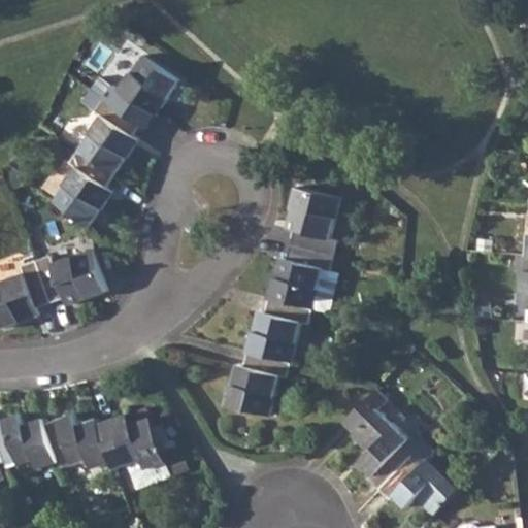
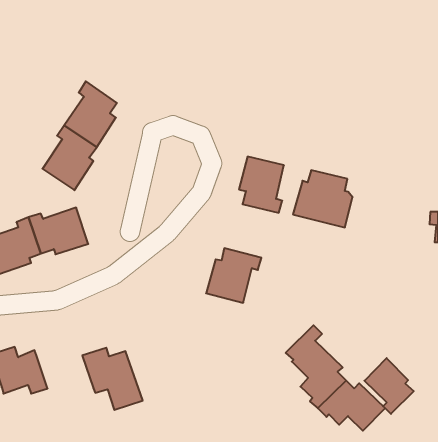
building: [102,56,177,123] -> none
building: [267,243,338,311] -> [293,170,353,227]
building: [224,350,290,415] -> none
building: [43,415,111,470] -> none
building: none -> [364,358,414,414]

